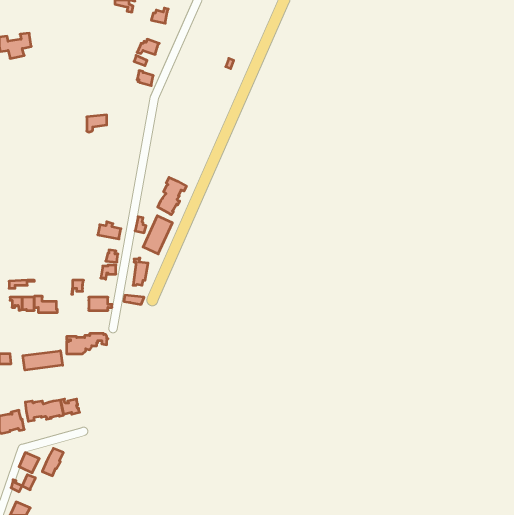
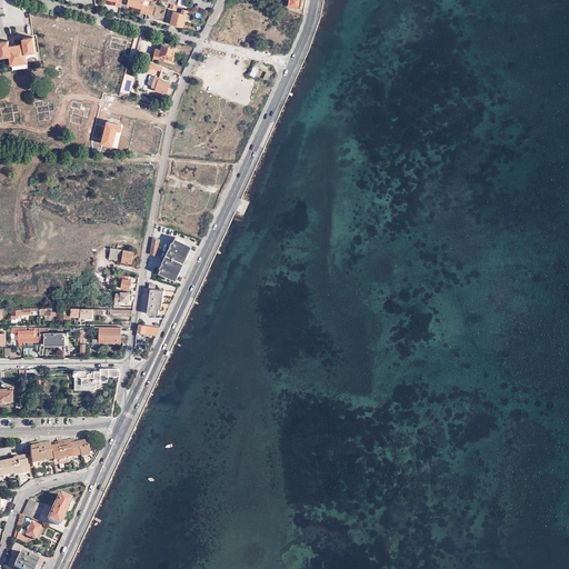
building: [158,177,186,215] -> none
building: [23,351,63,370] -> none

